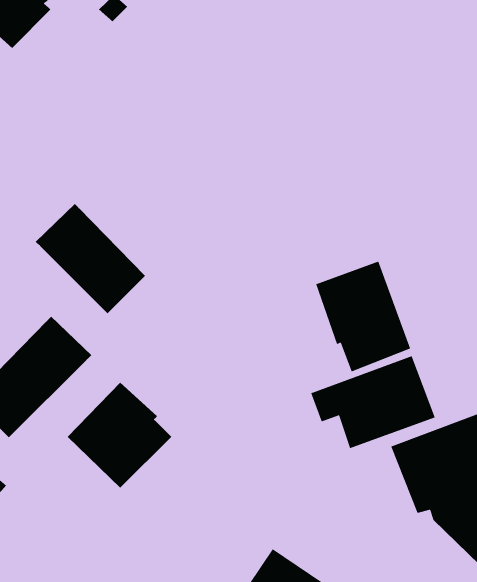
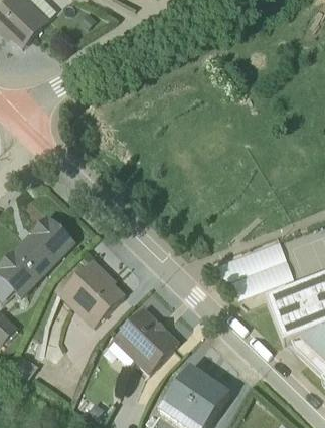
building: [35,203,146,314] -> none
building: [315,260,411,372] -> none
building: none -> [106,306,180,374]

